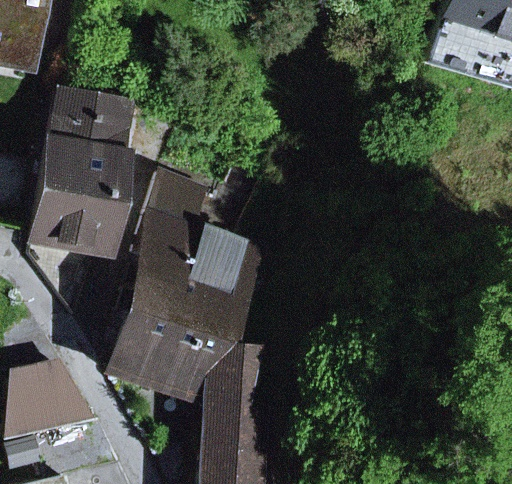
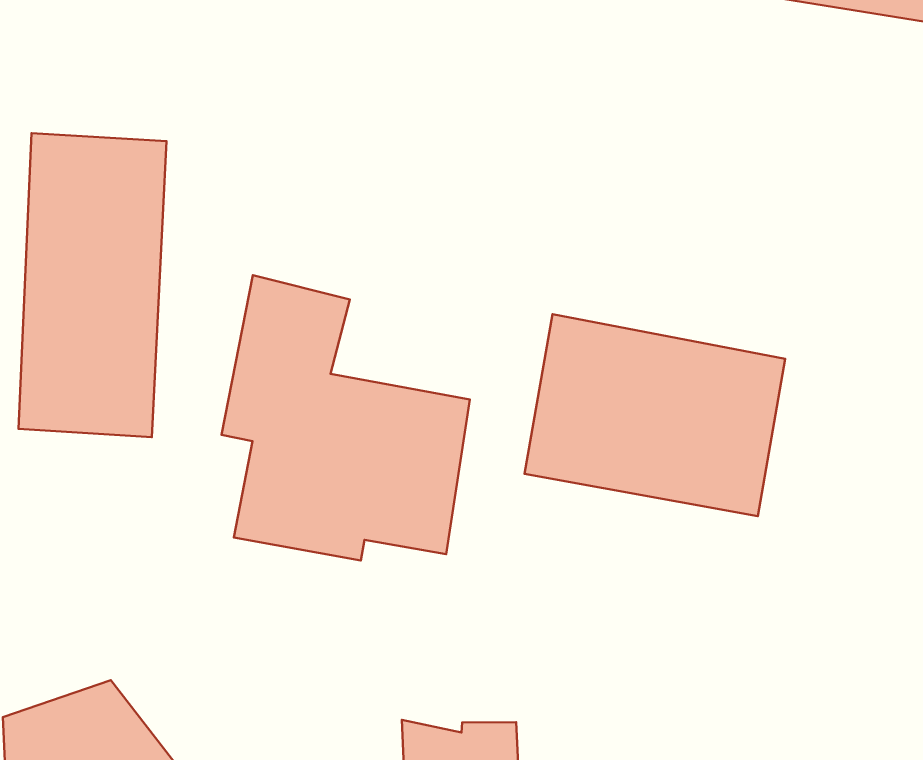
building: none -> [524,314,785,516]
building: [114,303,254,414] -> none

